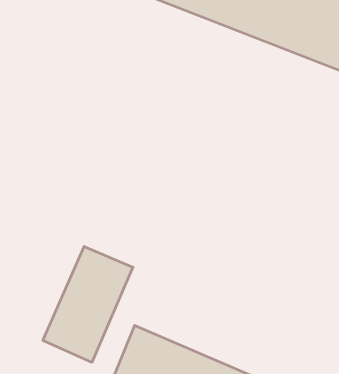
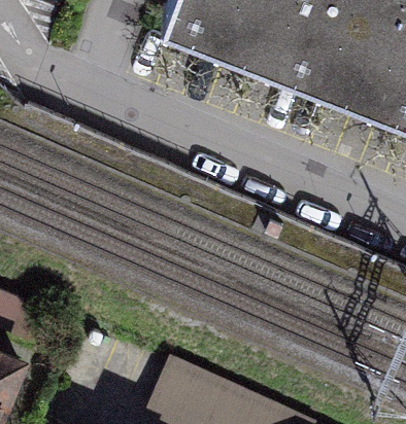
building: [43,246,133,362] -> none

